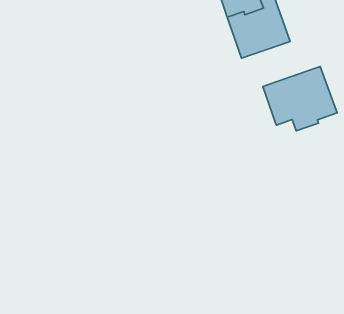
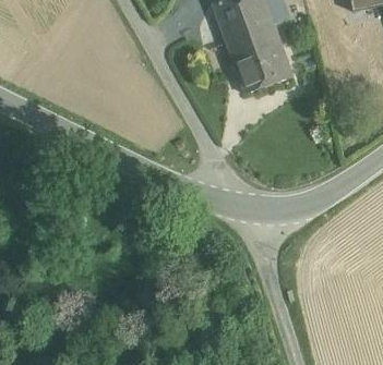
building: [263,67,337,131] -> none

